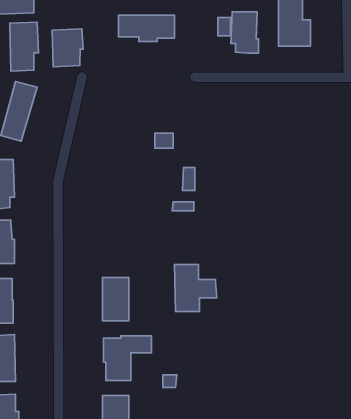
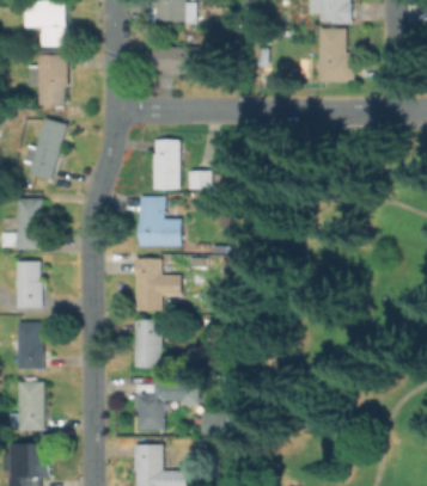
building: [231,12,259,53] -> none
building: [52,29,83,67] -> none
building: none -> [154,140,181,191]
building: none -> [141,199,181,245]
building: [174,265,217,312] -> [136,260,181,309]

